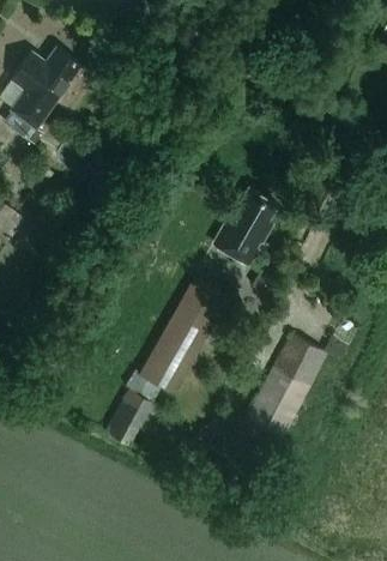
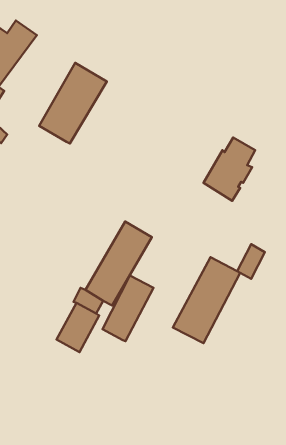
building: none -> [39,63,107,144]
building: [213,189,276,266] -> [203,137,255,201]
building: none -> [102,275,153,341]

